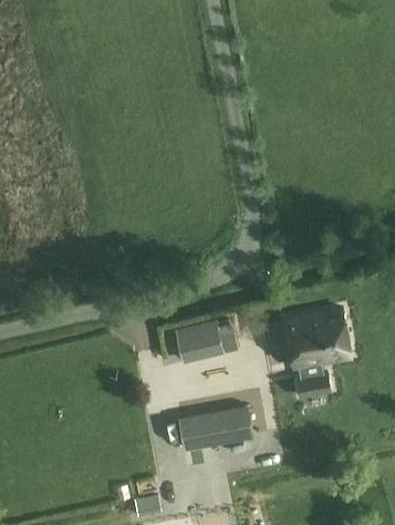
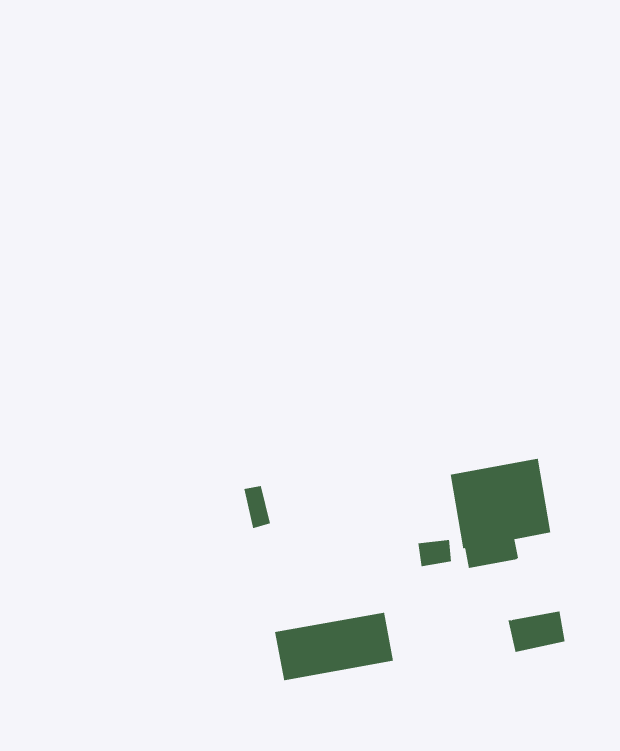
building: [175,323,220,361] -> none
building: [295,377,331,402] -> [508,611,566,652]

